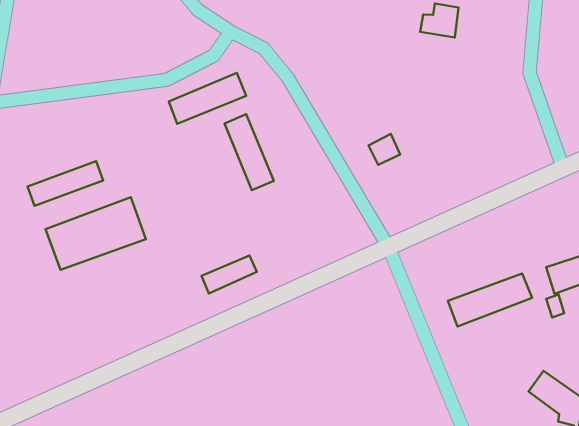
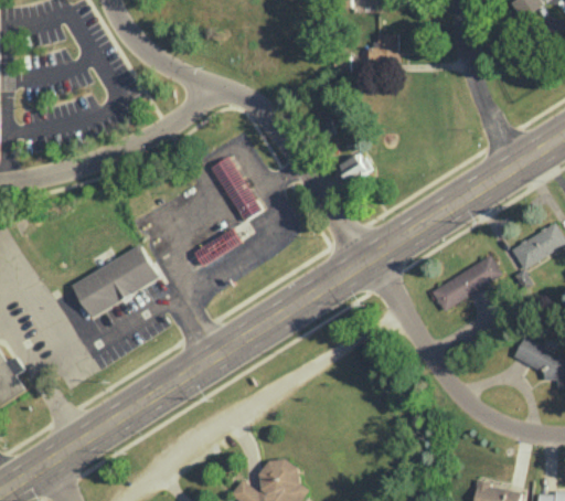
building: [169,73,246,124] -> none
building: [28,161,103,206] -> none
building: [202,255,257,293] -> [194,228,242,267]

